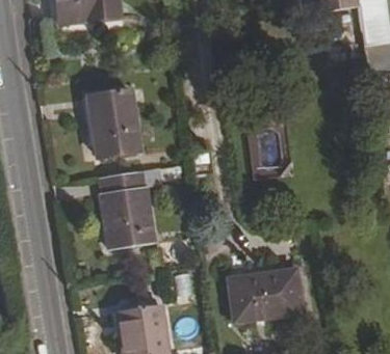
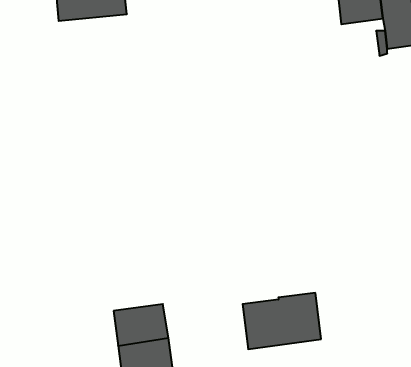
building: [88,90,137,154] -> none
building: [98,169,152,246] -> none

